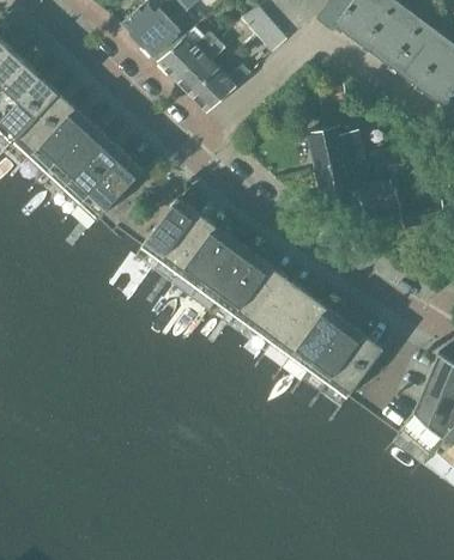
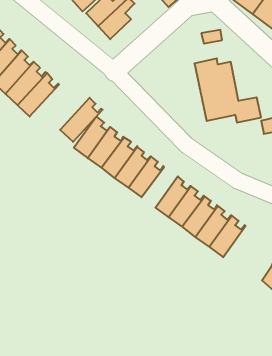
building: [192,62,250,111] -> none
building: [80,157,139,218] -> [60,98,103,142]
building: [235,270,285,327] -> none

